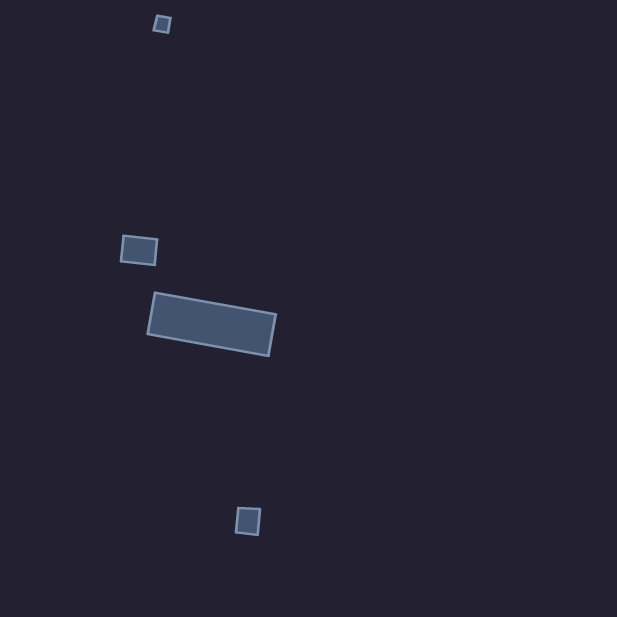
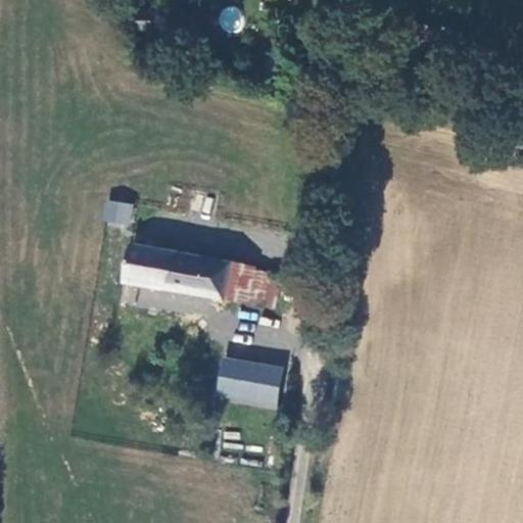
building: none -> [228,266,267,306]
building: none -> [226,365,279,401]

